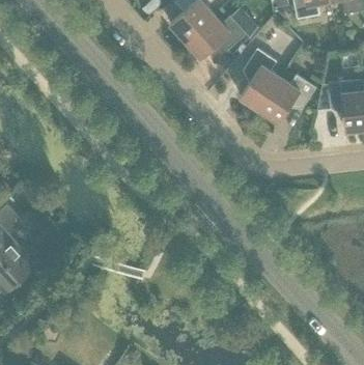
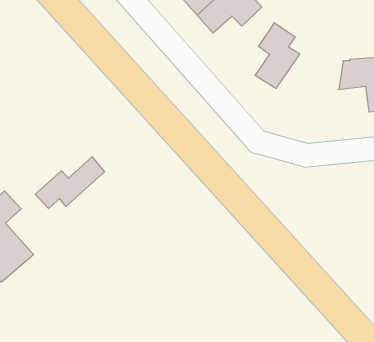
building: [259,75,316,123] -> none
building: none -> [35,157,104,208]

